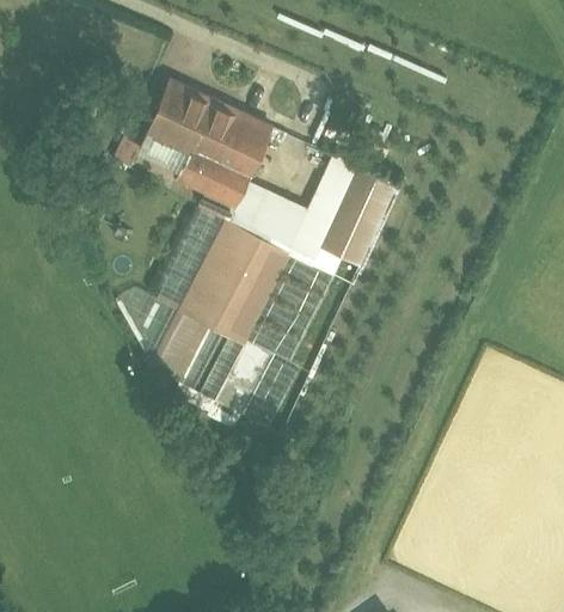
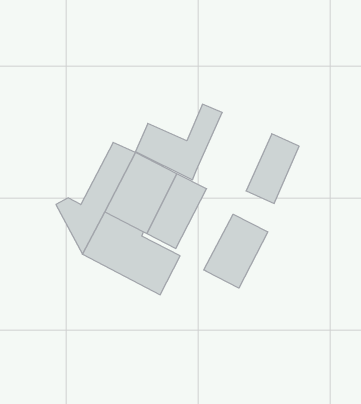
building: [141,80,274,207] -> none
building: [321,165,398,265] -> [246,134,299,203]
building: none -> [204,214,268,288]

